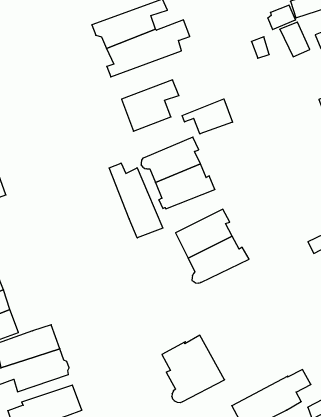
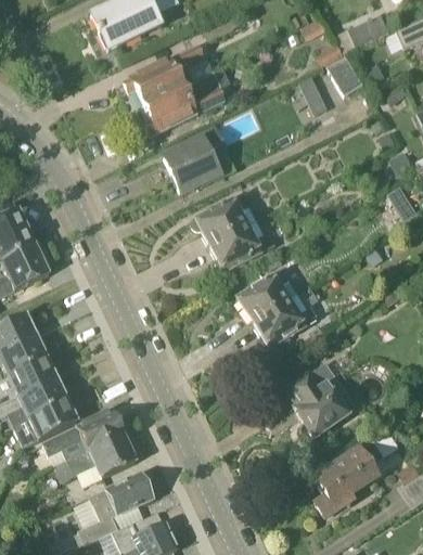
building: [182,99,233,134] -> none
building: [109,163,163,238] -> none
building: [162,335,225,403] -> [286,363,357,438]

